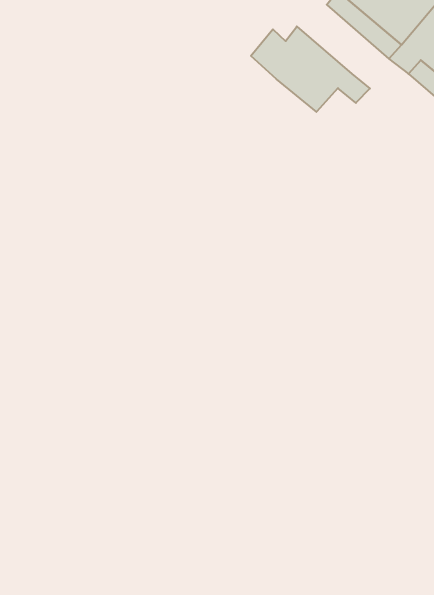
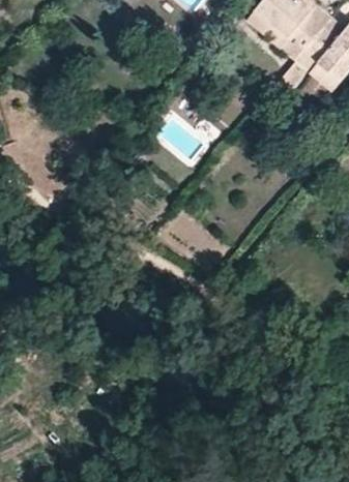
building: [251,26,370,112] -> none

